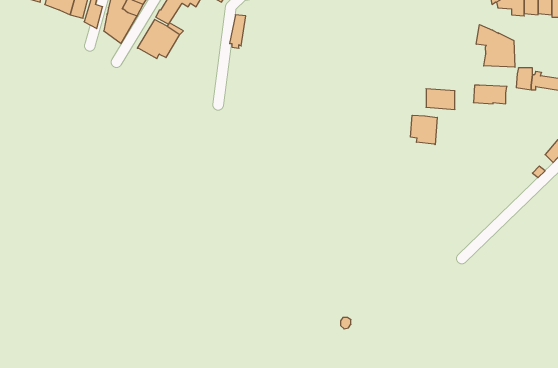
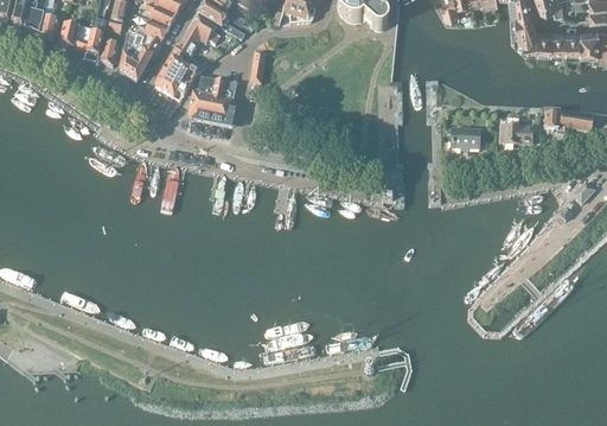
building: [476,25,515,67] -> none
building: none -> [187,76,236,123]
building: [411,115,437,145] -> none

